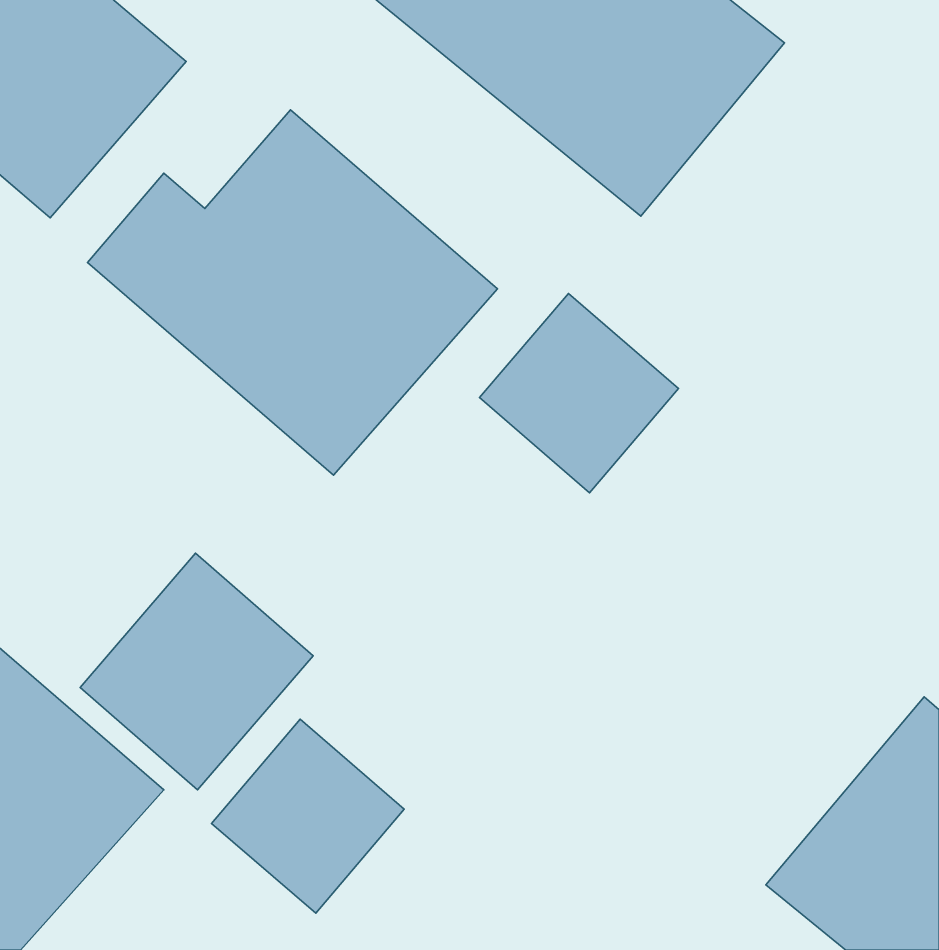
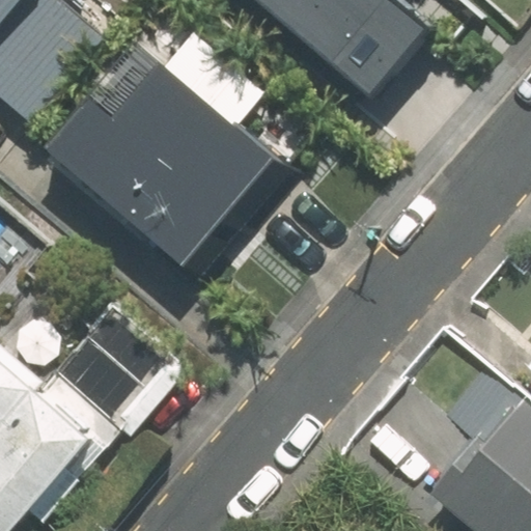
building: [480,293,679,493] -> none
building: [211,719,404,913] -> none

